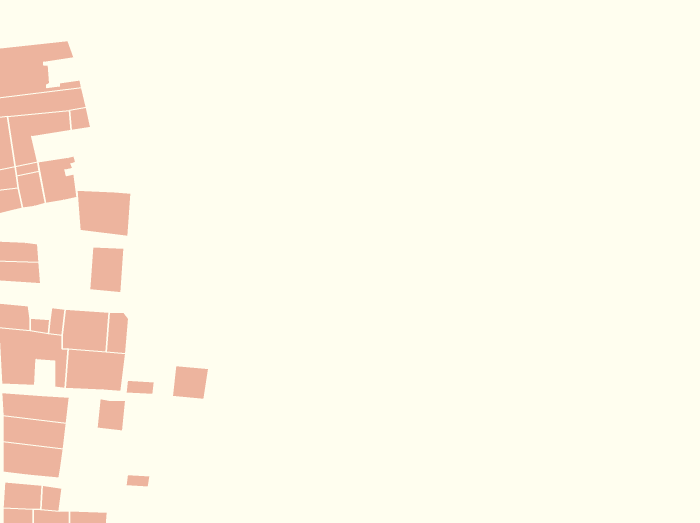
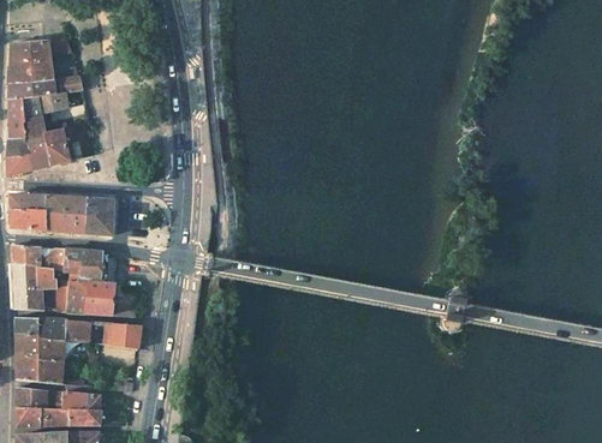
building: [77,191,131,236] -> [43,198,87,234]
building: [172,366,209,399] -> [111,322,139,348]
building: none -> [66,319,93,343]
building: none -> [60,391,99,411]

